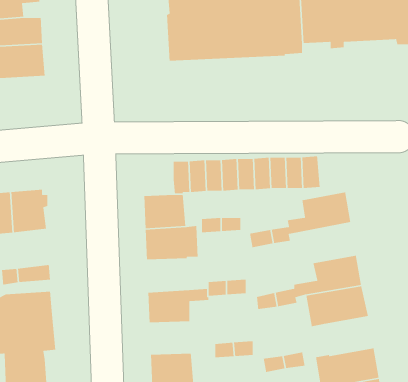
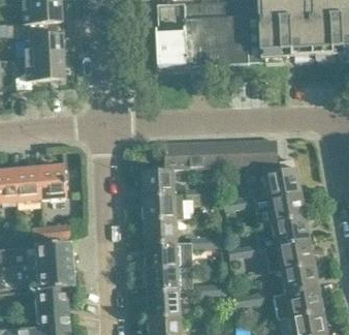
building: none -> [253,191,305,224]
building: none -> [142,219,176,245]
building: none -> [280,264,318,294]
building: none -> [145,267,193,293]

